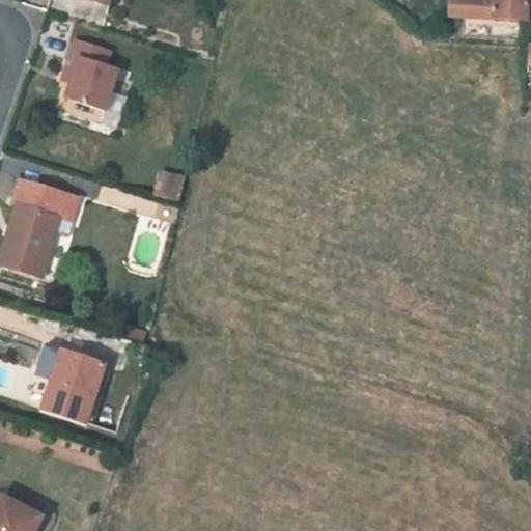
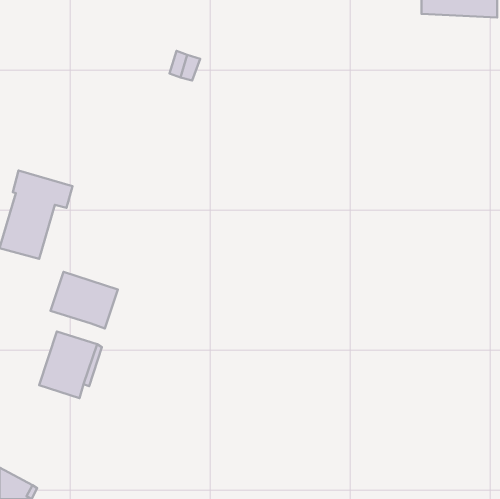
building: [62,40,125,127] -> none
building: none -> [50,272,118,329]

